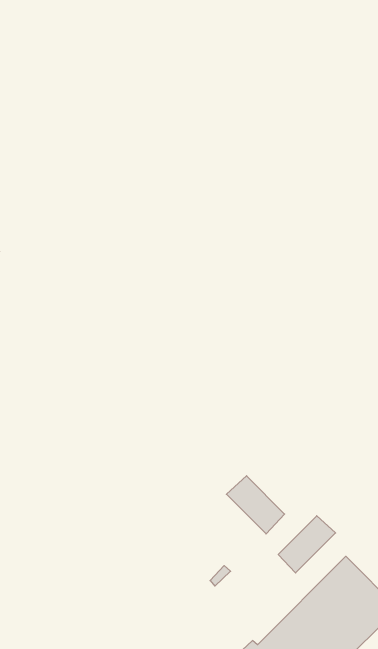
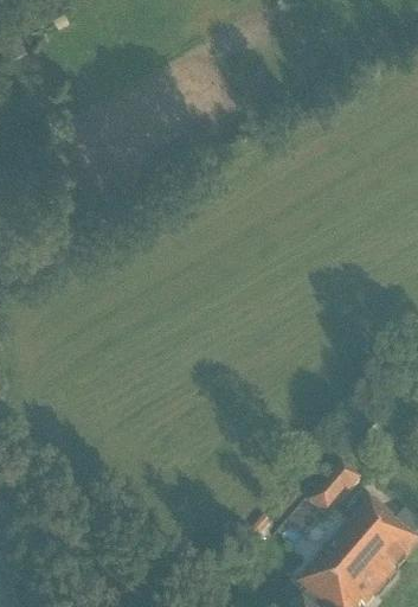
building: [226,476,285,534] -> none

